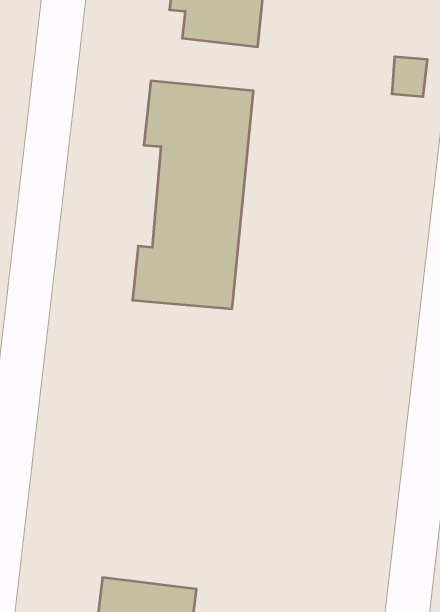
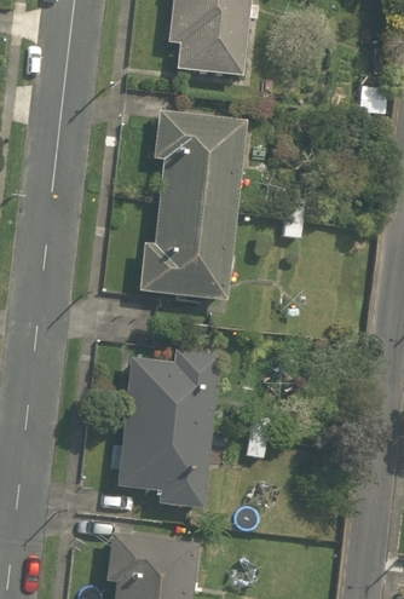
building: none -> [121,344,217,512]

